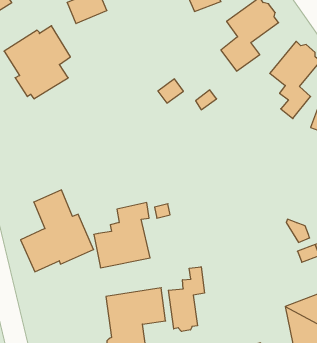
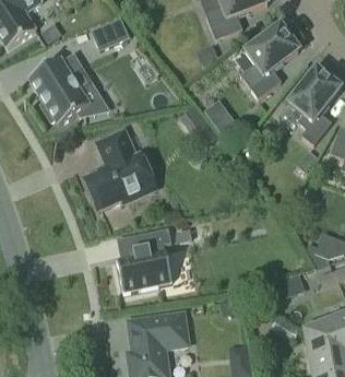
building: [21,190,94,272] -> [84,128,156,209]
building: [168,267,204,331] -> none

